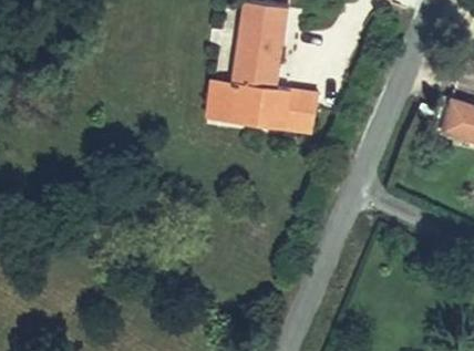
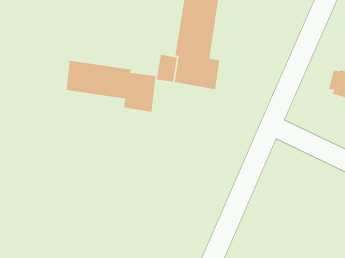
building: none -> [66,60,157,113]
building: [286,89,320,132] -> none

